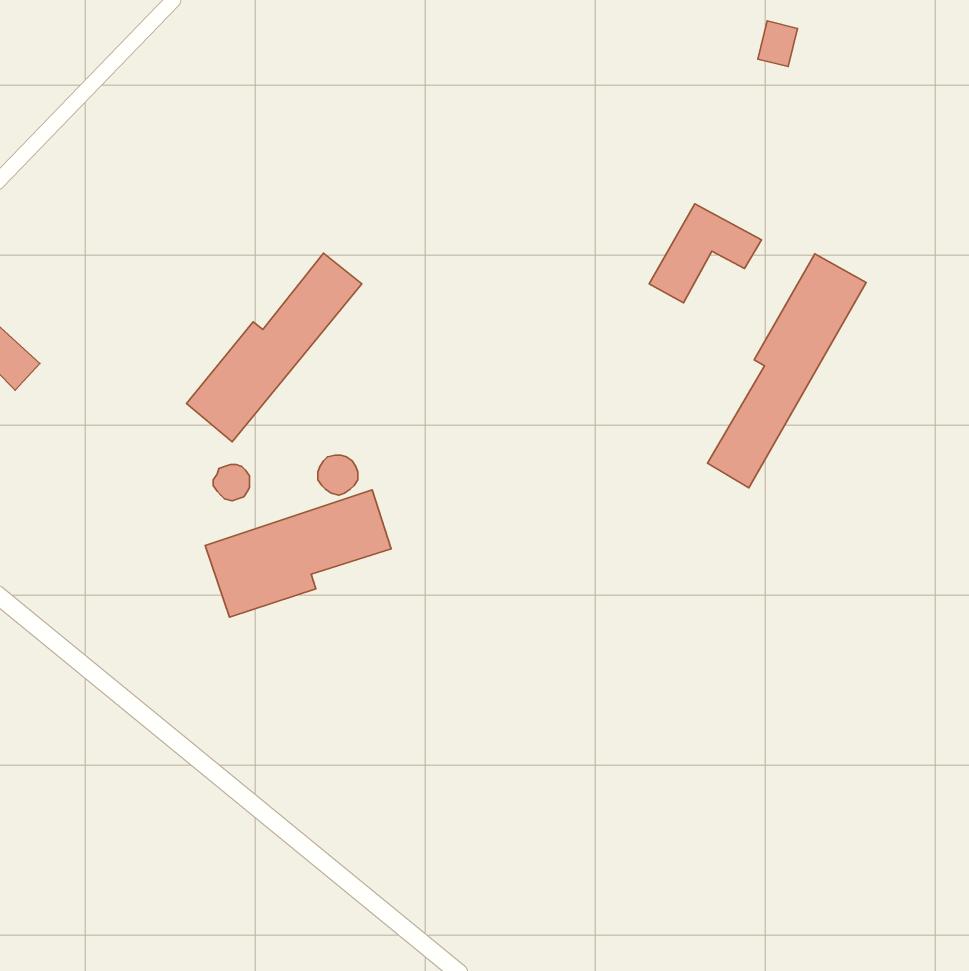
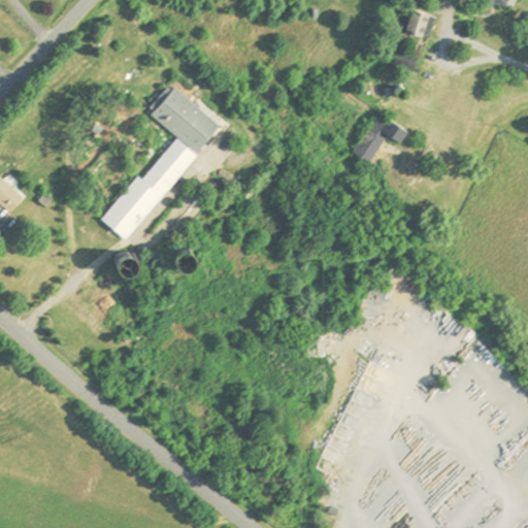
building: none -> [148,87,218,153]
building: [707,254,866,488] -> none
building: [205,490,391,617] -> none

